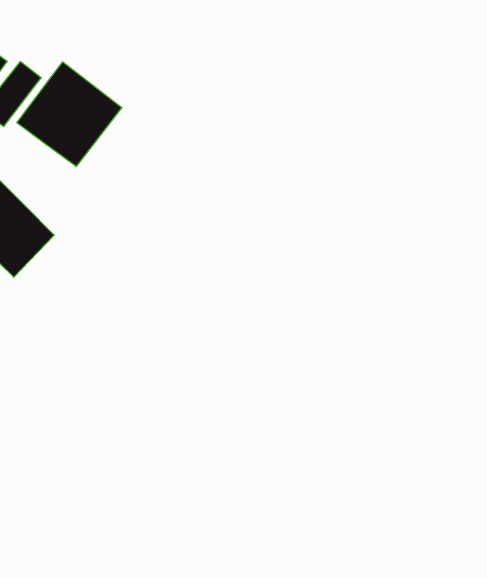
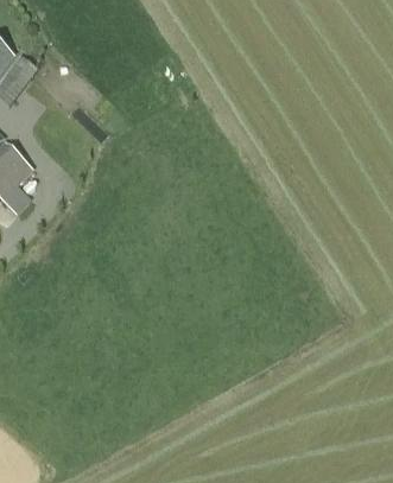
building: [17,62,122,167] -> none

